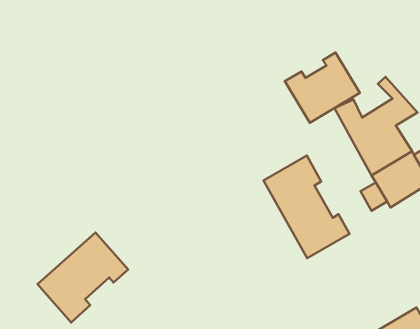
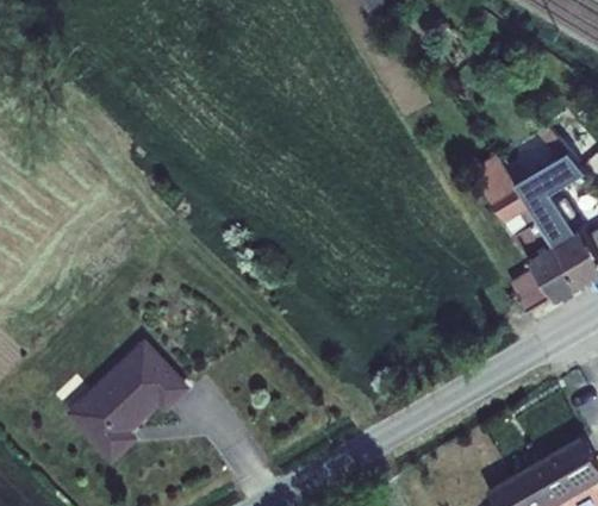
building: [285,52,360,123] -> none
building: [263,156,350,258] -> none

